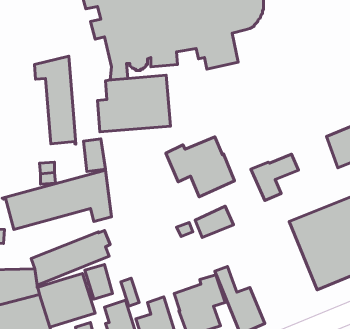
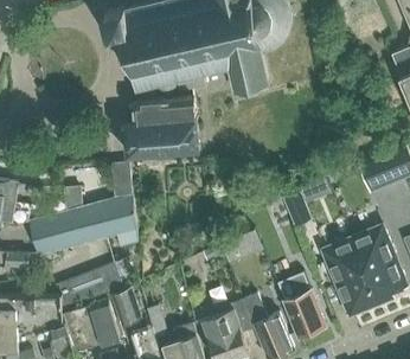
building: [34,56,76,144] -> none
building: [166,137,234,197] -> none
building: none -> [284,276,326,336]

